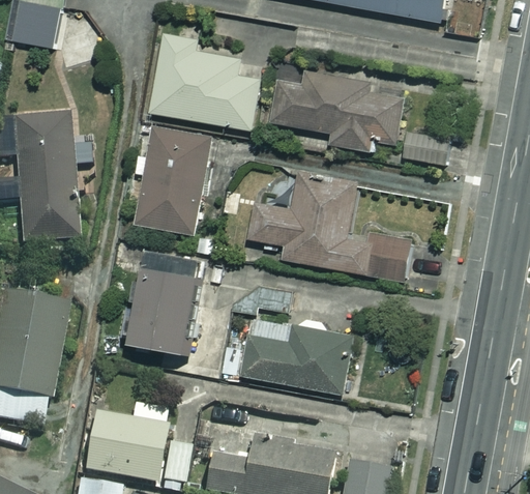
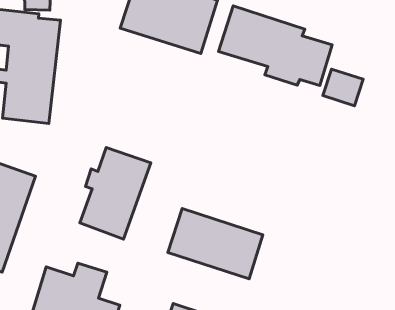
building: [132,128,210,237] -> none
building: [246,173,409,283] -> none

